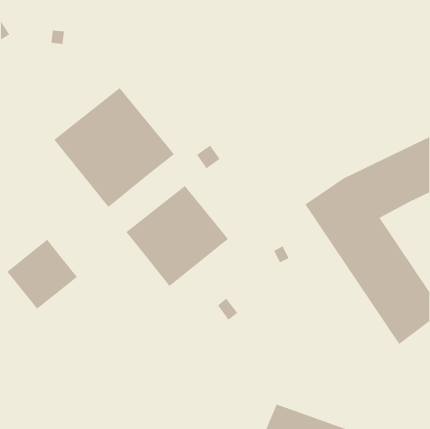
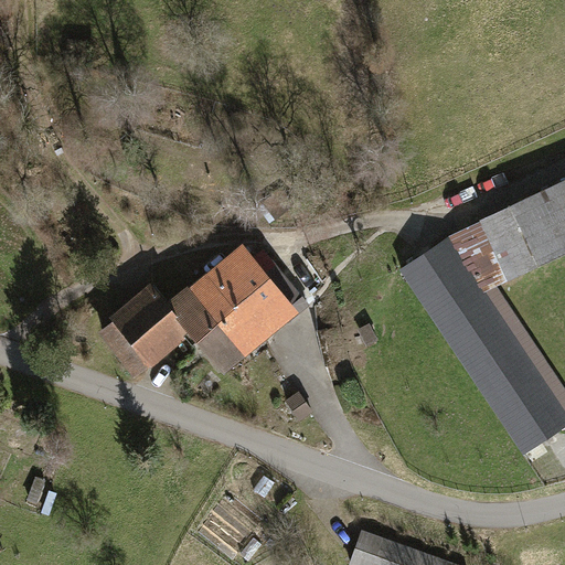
building: [54,87,175,208] -> none
building: [6,239,78,310] -> [95,286,189,379]

